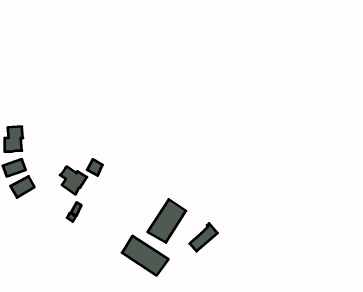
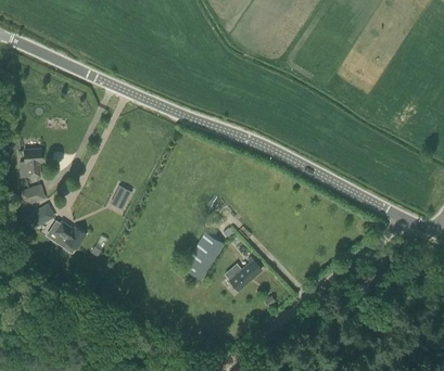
building: [60,167,87,194] -> [54,222,85,254]
building: [122,236,168,275] -> none

